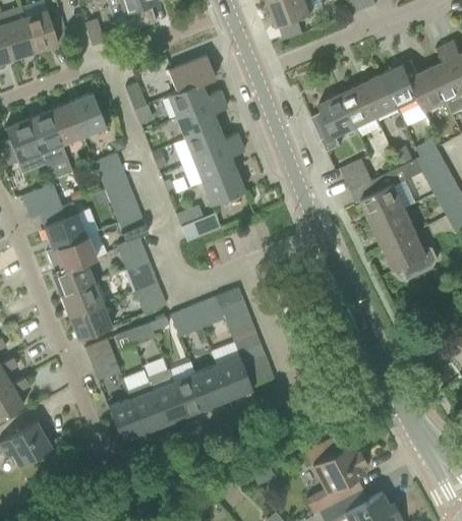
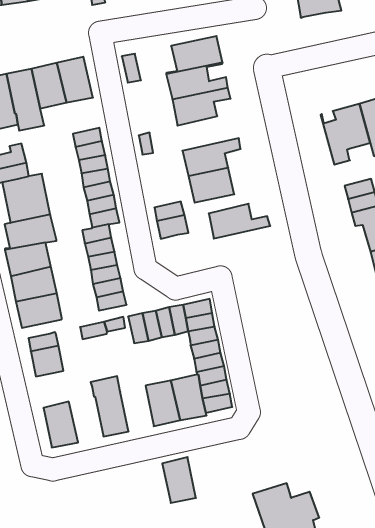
building: [185,126,241,162] -> [209,204,270,239]
building: [174,373,209,416] -> [162,457,196,503]
building: [127,383,166,433] -> none

